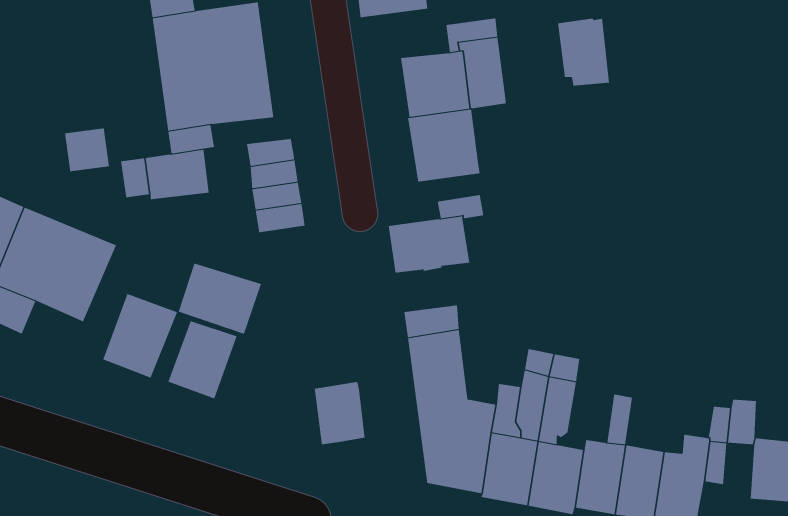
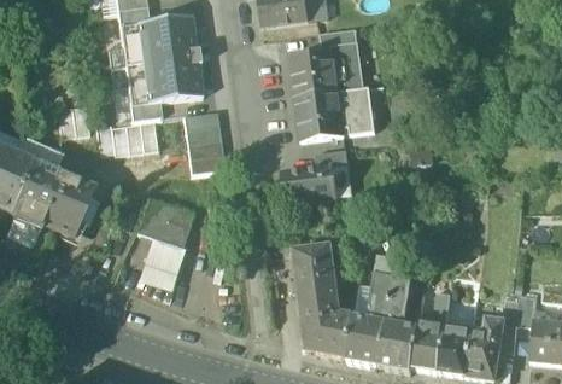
building: [557,18,610,86] -> [339,86,375,133]
building: [102,293,178,379] -> none
building: [314,381,365,445] -> none

